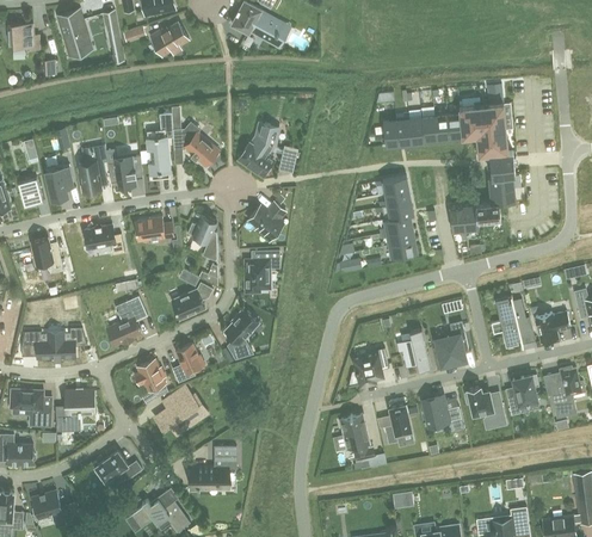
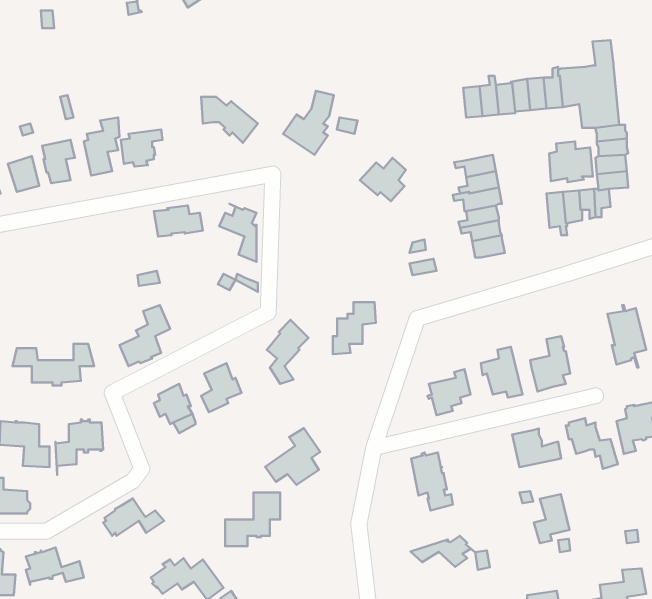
building: [147,115,172,179] -> none
building: none -> [549,141,593,182]
building: [247,202,284,236] -> [360,158,406,201]
building: [84,224,124,254] -> none
building: [31,237,62,270] -> none
building: [245,251,279,292] -> [333,302,376,354]
building: [171,282,212,319] -> none
building: [154,387,198,432] -> [265,428,320,485]
building: [383,405,412,444] -> [534,494,570,543]
building: none -> [411,536,475,567]

